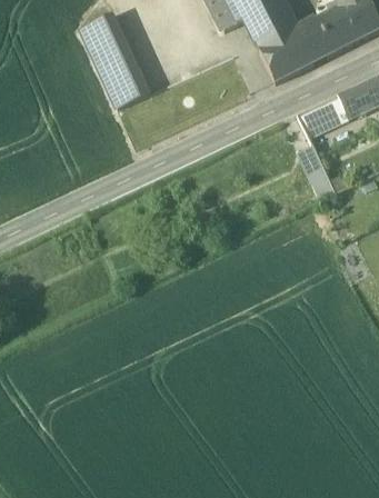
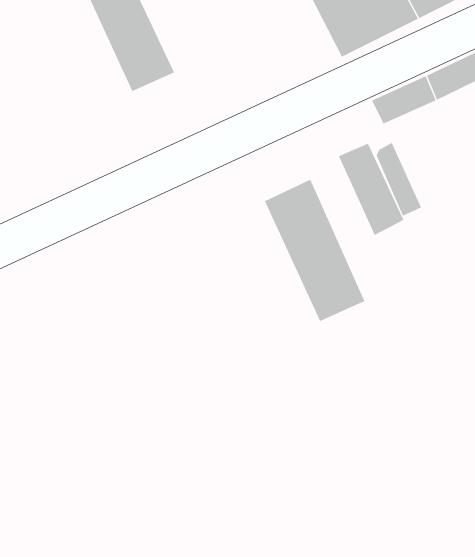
building: none -> [338,143,404,236]
building: none -> [264,179,365,322]

